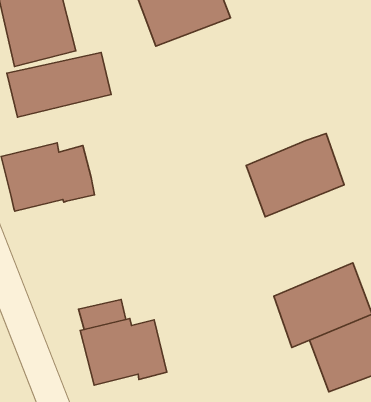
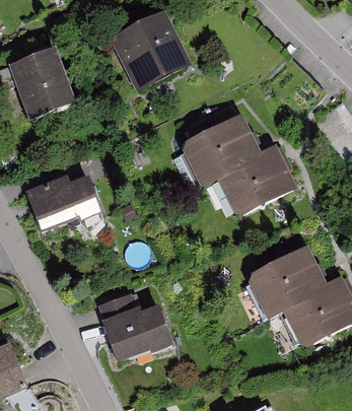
building: [7,53,111,117] -> none
building: none -> [180,114,261,185]

